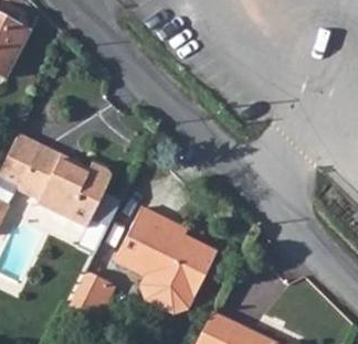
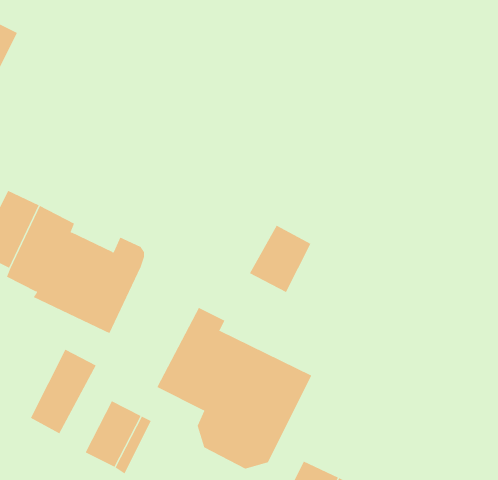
building: none -> [249,225,311,293]
building: none -> [30,349,97,434]

